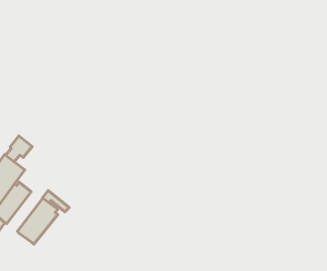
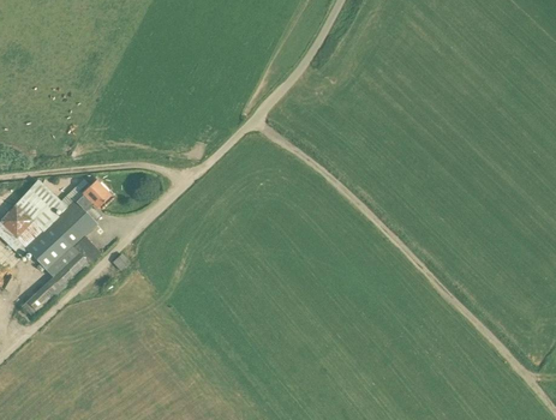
building: [17,198,58,244] -> none

